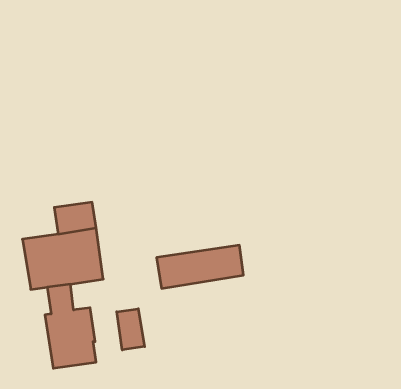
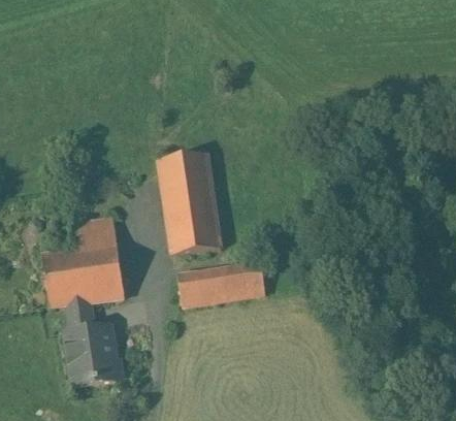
building: none -> [158,152,221,254]
building: [117,309,145,350] -> none

